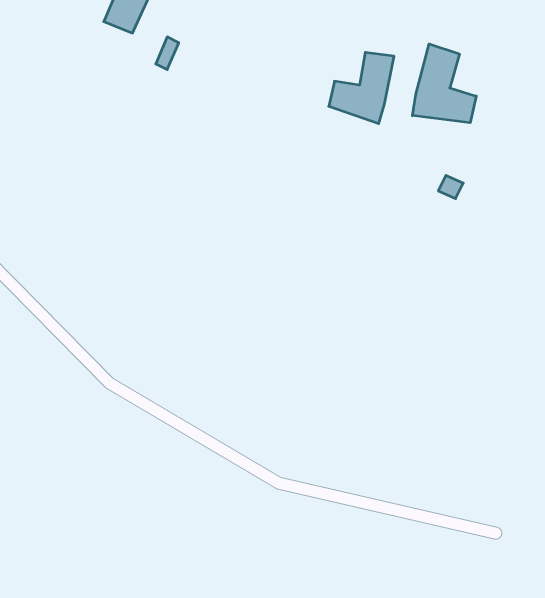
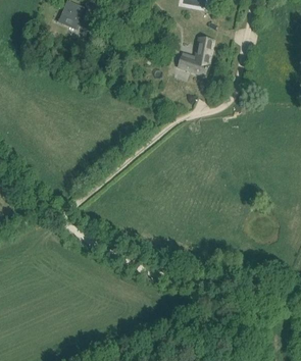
building: [412,44,476,123] -> none

